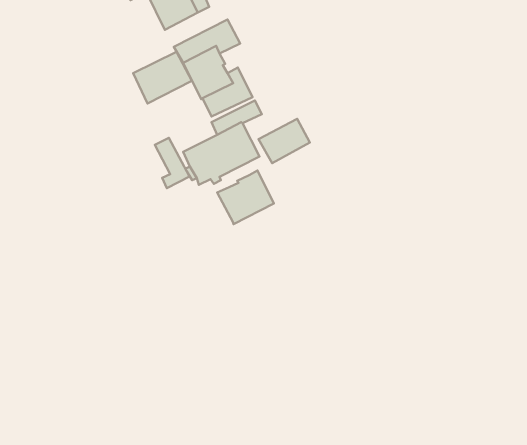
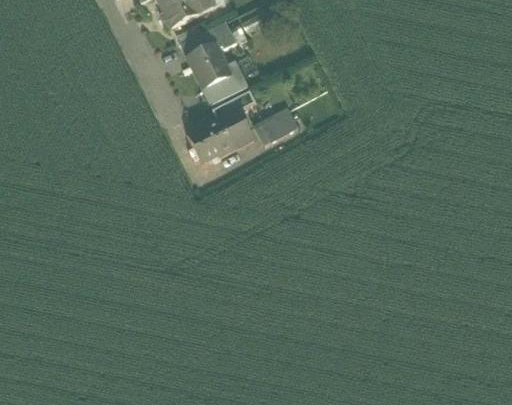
building: [133,52,192,103] -> none
building: [155,138,189,188] -> none
building: [217,170,274,224] -> none

